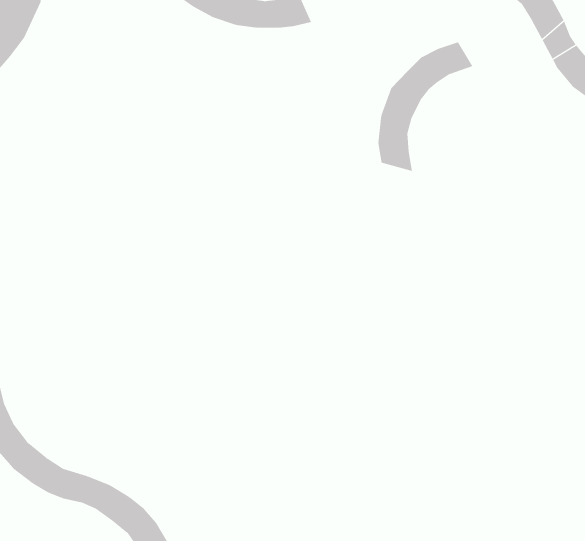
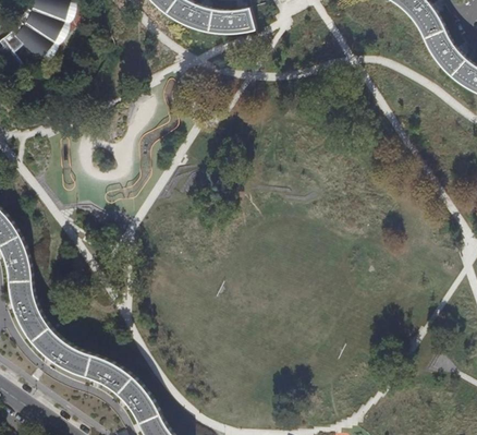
building: [378,41,473,172] -> none

